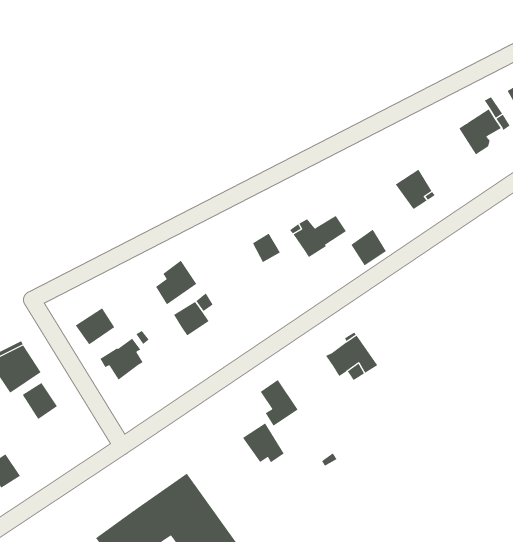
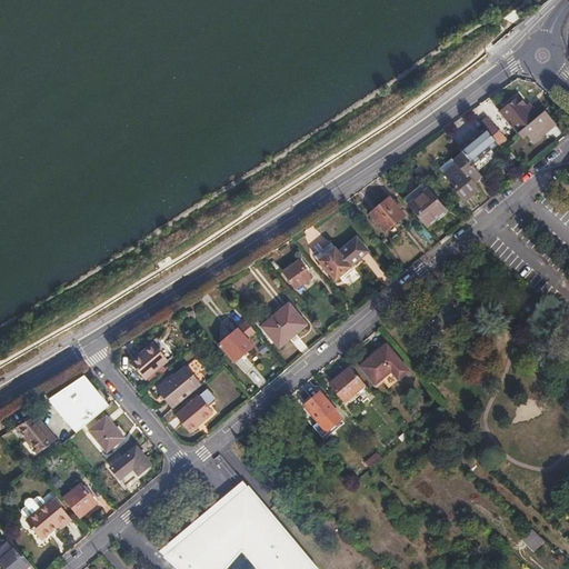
building: none -> [442,152,479,201]
building: [351,229,387,266] -> [369,197,402,231]
building: [155,260,197,305] -> [266,303,303,346]
building: none -> [330,366,367,399]
building: none -> [181,383,222,427]
building: none -> [110,448,150,486]
building: [242,422,285,463] -> none

